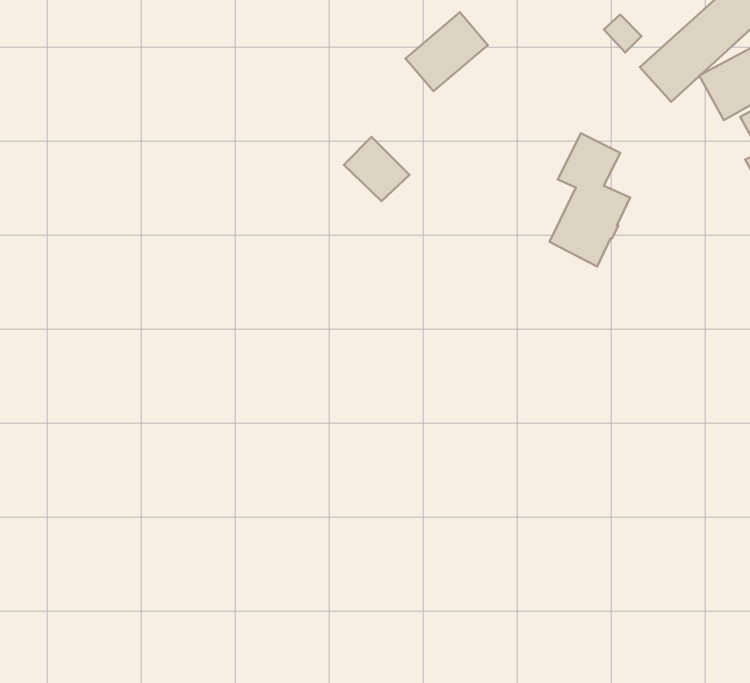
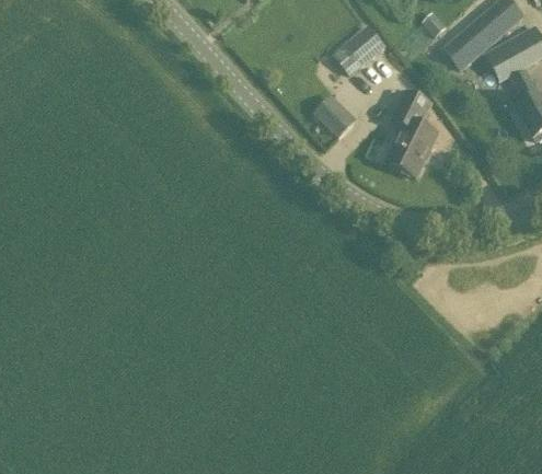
building: [406,12,488,91] -> [330,24,384,77]
building: [344,137,409,201] -> [312,94,356,137]

